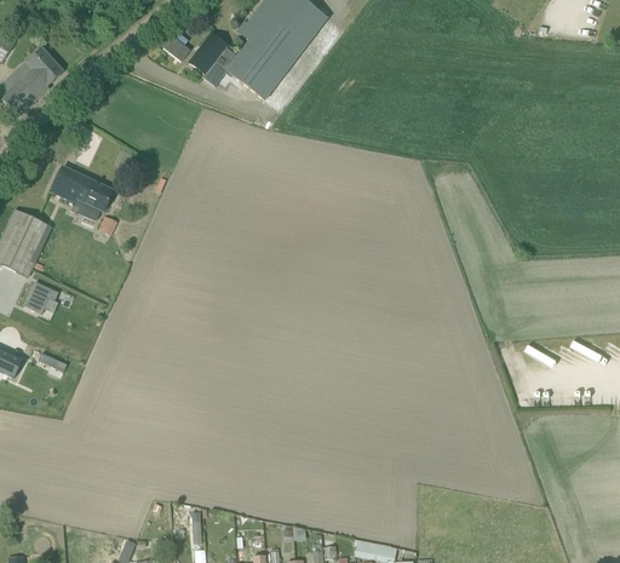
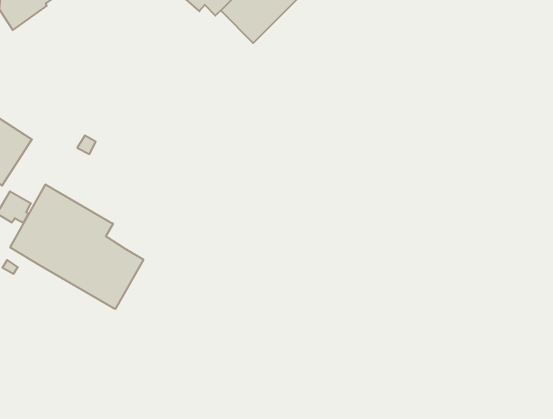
building: [50,166,113,212] -> none
building: none -> [10,184,143,309]

